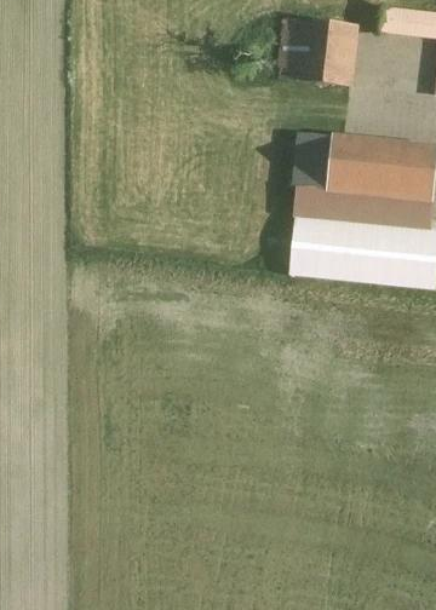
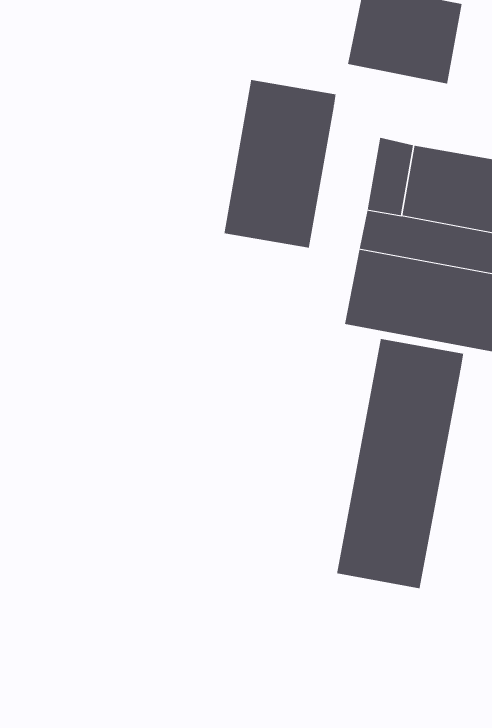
building: none -> [224,79,336,249]
building: none -> [337,338,464,589]

